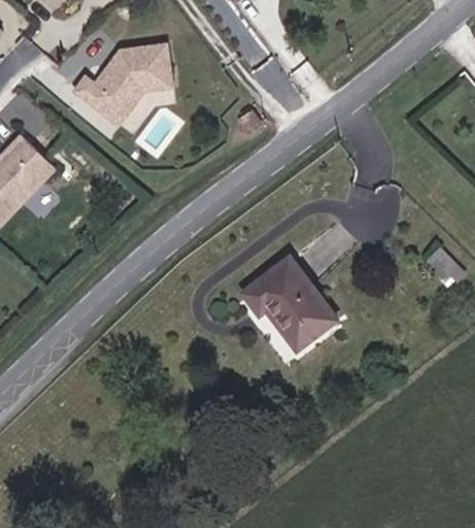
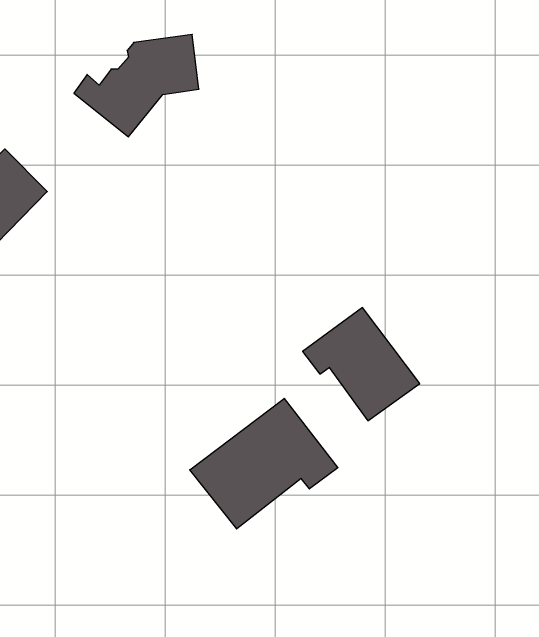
building: none -> [190,398,338,529]

